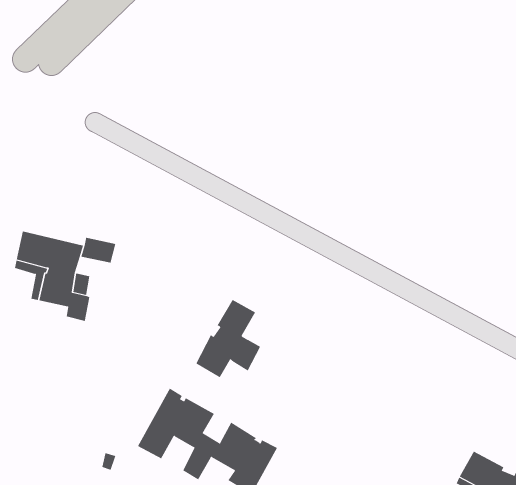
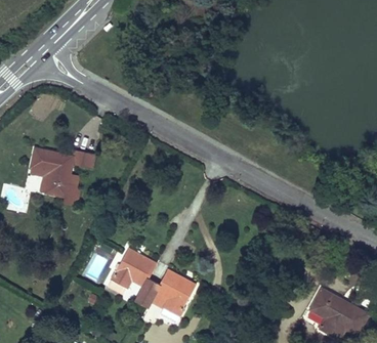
building: [196,299,261,378] -> none

